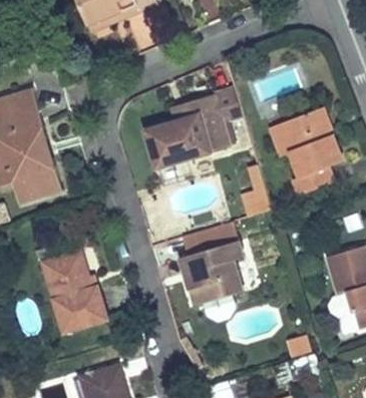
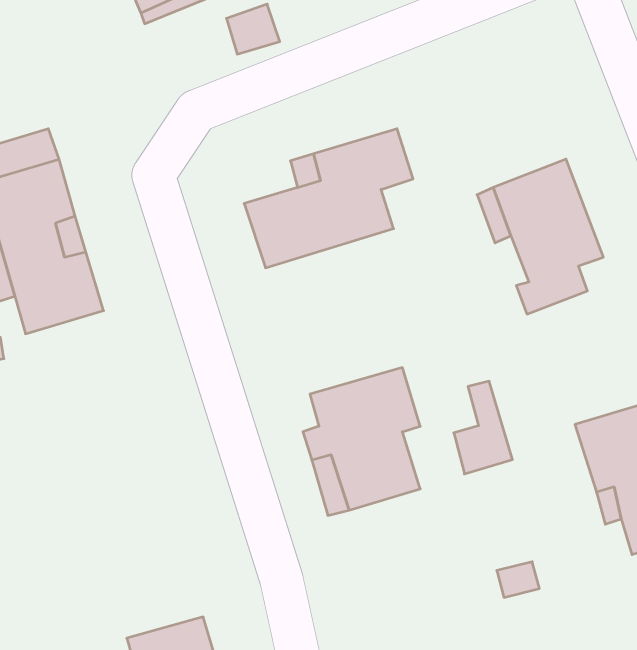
building: [237,162,270,215] -> [454,381,512,474]
building: [43,251,106,330] -> none

